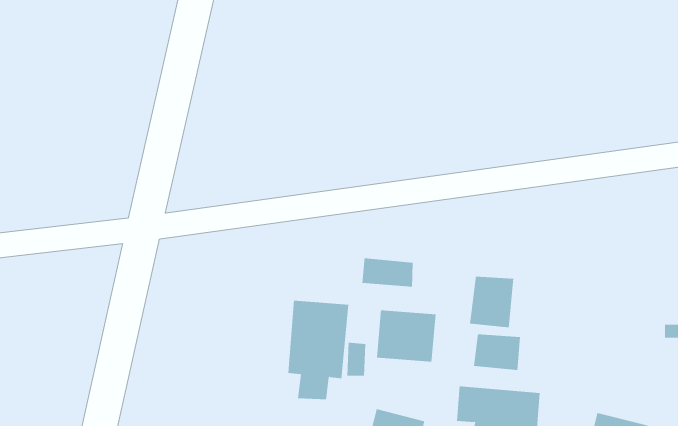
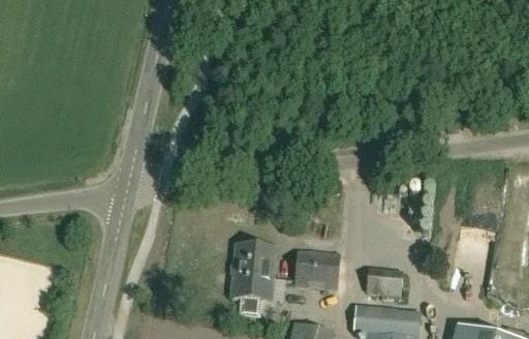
building: [362,258,413,287] -> none
building: [470,276,514,328] -> none

